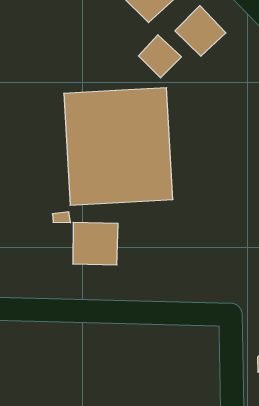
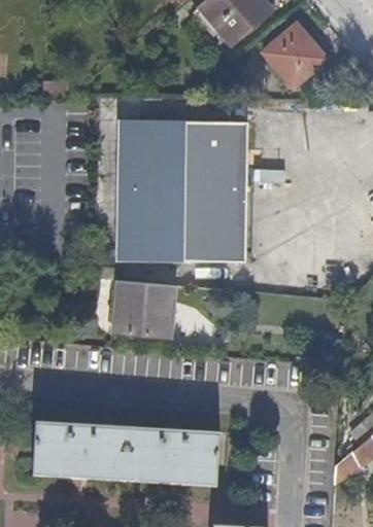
building: [138,35,181,78] -> none
building: none -> [31,420,218,485]

